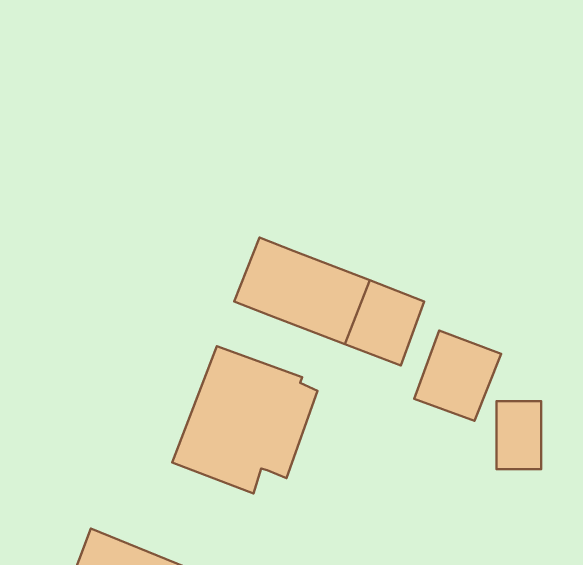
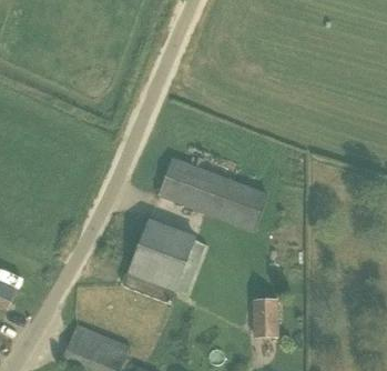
building: [414,330,501,421] -> none
building: [497,401,541,469] -> [253,298,278,337]

